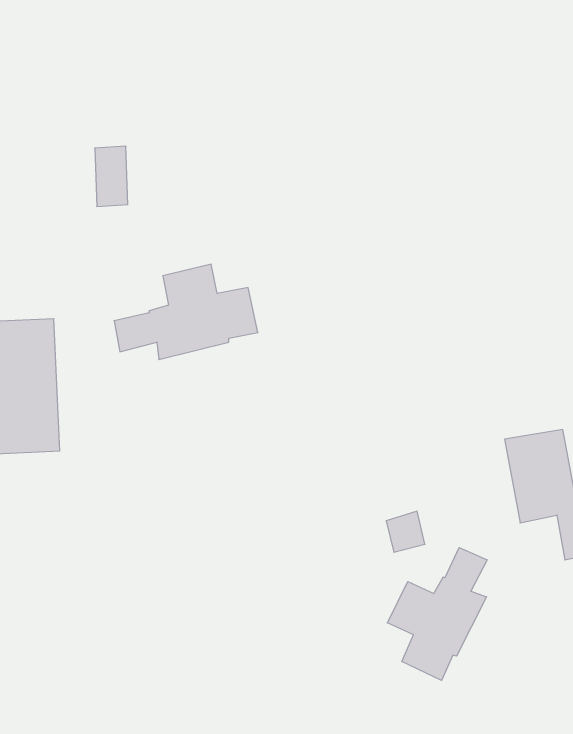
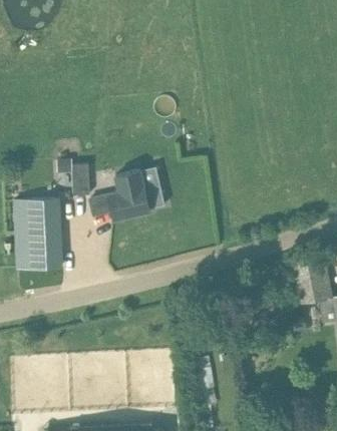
building: [95,146,128,206] -> [73,165,90,196]
building: [387,548,487,680] -> none

